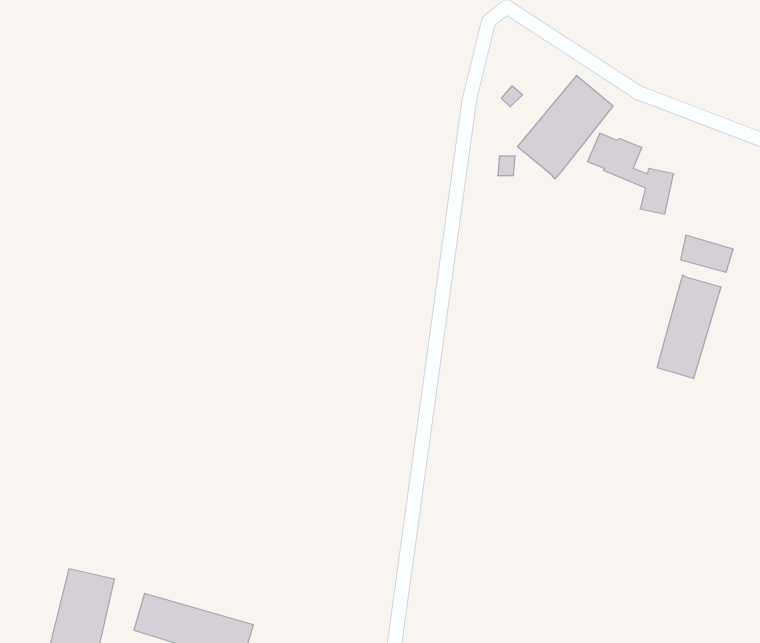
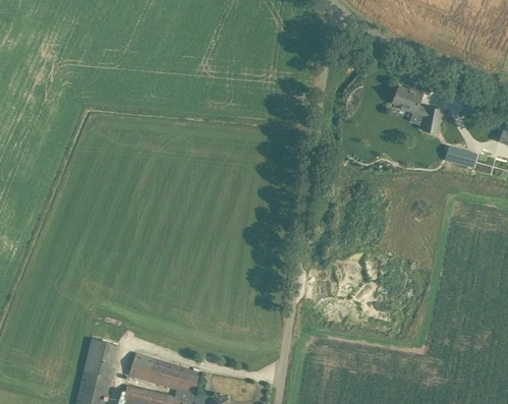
building: [517,75,613,179] -> none
building: [657,275,721,379] -> none

